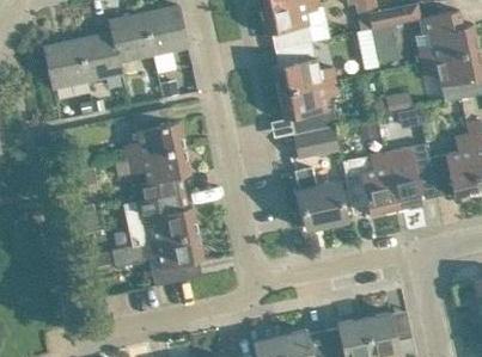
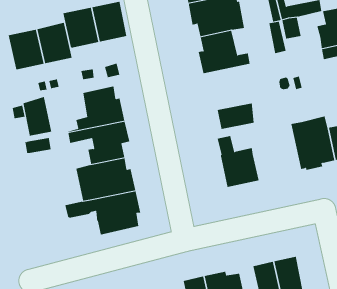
building: [277,81,338,134] -> none
building: none -> [23,96,52,137]
building: [342,153,395,216] -> none

